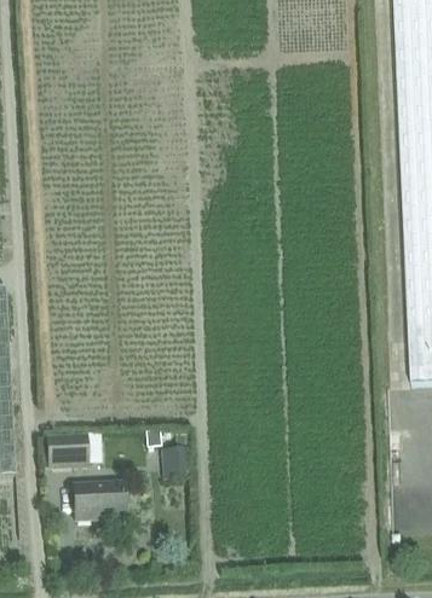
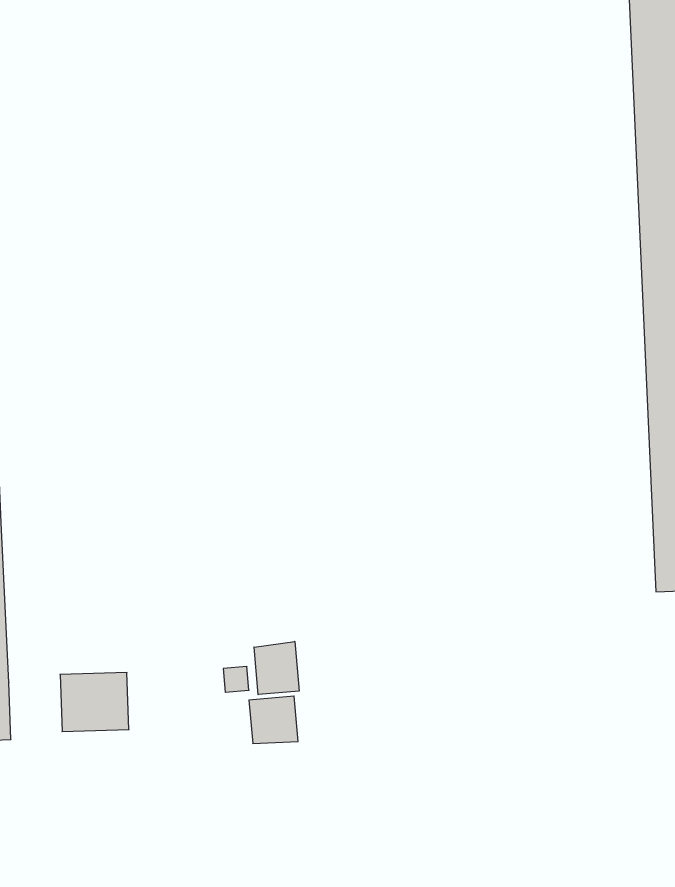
building: none -> [254,641,299,695]
building: [74,477,126,516] -> none

